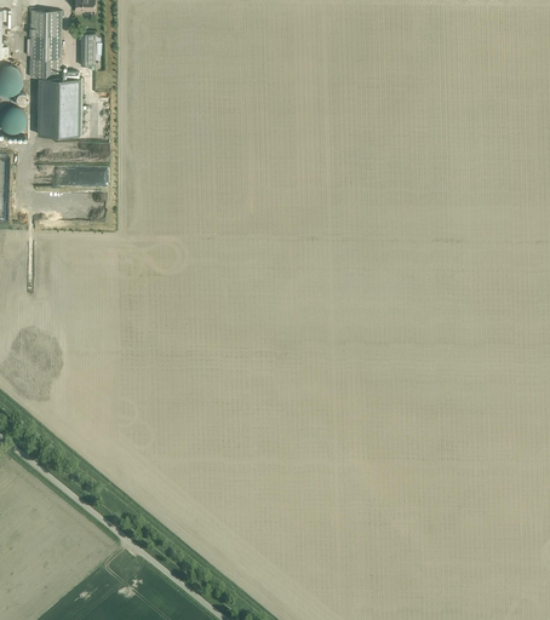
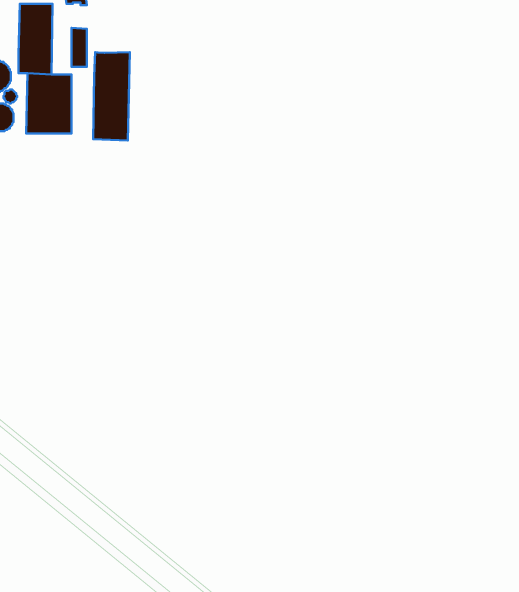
building: none -> [93,52,130,141]

